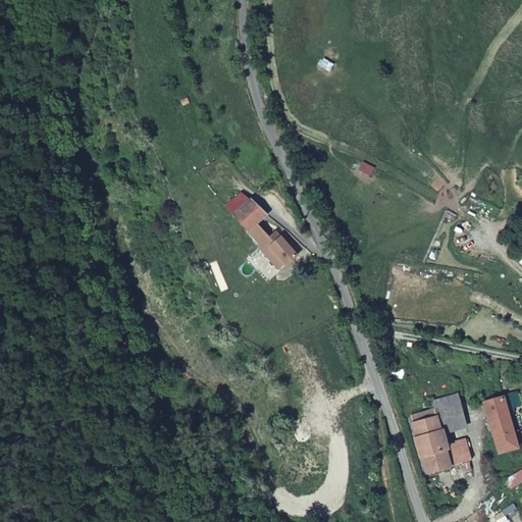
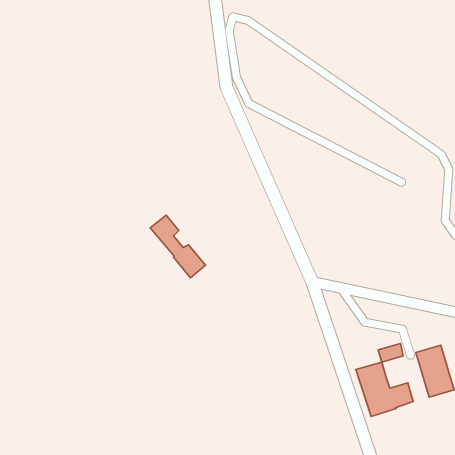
building: [233,199,297,270] -> [150,215,206,278]
building: [437,407,467,431] -> none

